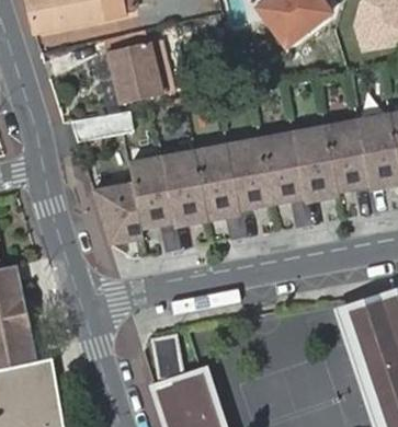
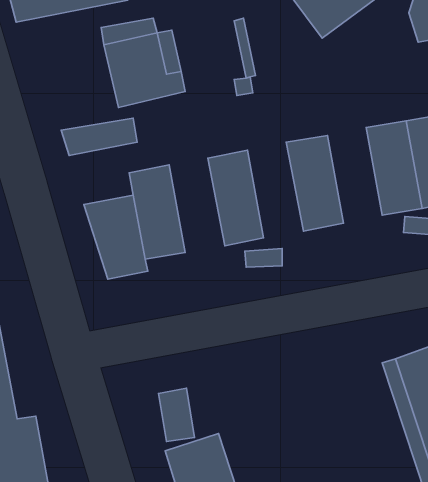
building: [292,119,337,198] -> none
building: [226,131,272,210] -> none
building: [161,145,207,222] -> none

